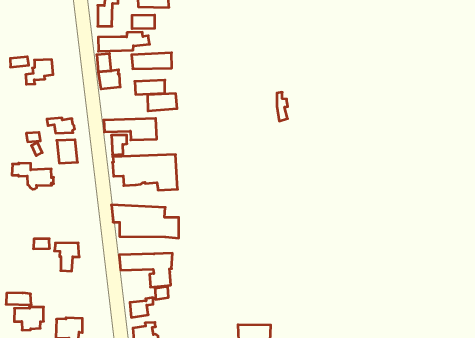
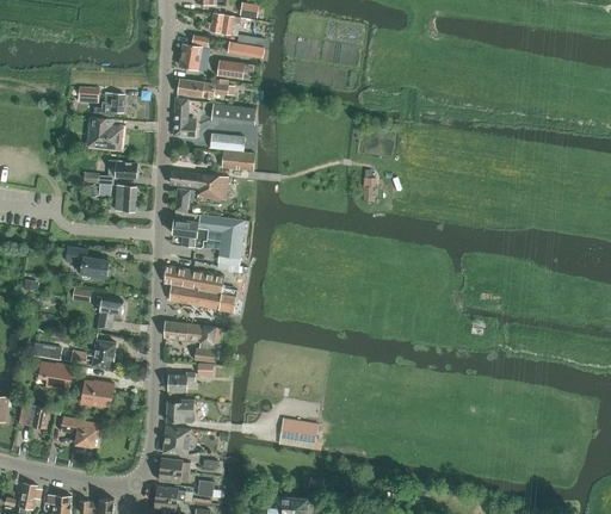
building: none -> [86,118,121,149]
building: [12,163,54,189] -> [64,248,110,279]
building: none -> [70,340,116,369]

